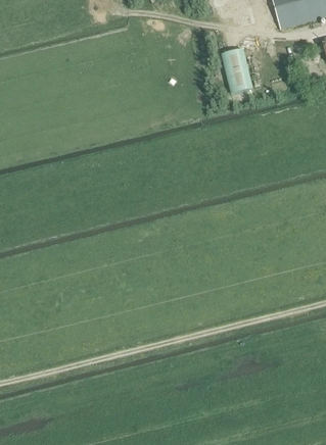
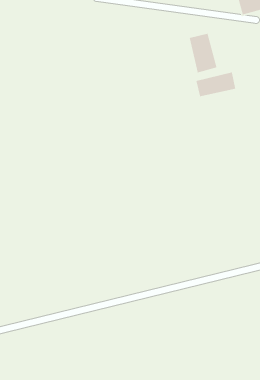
building: none -> [195,72,236,97]

